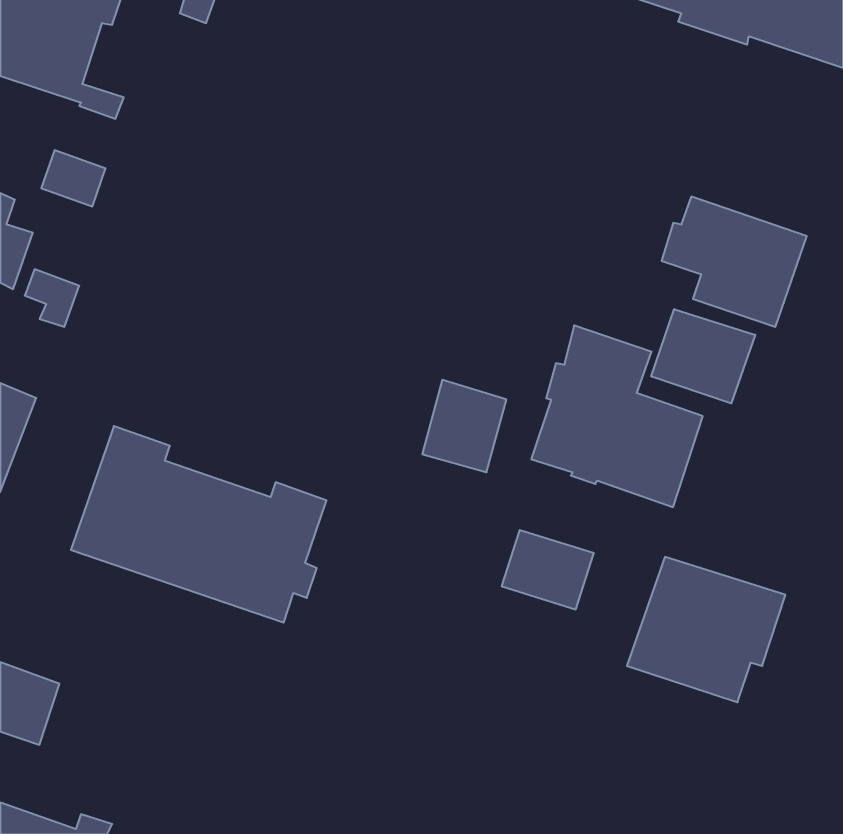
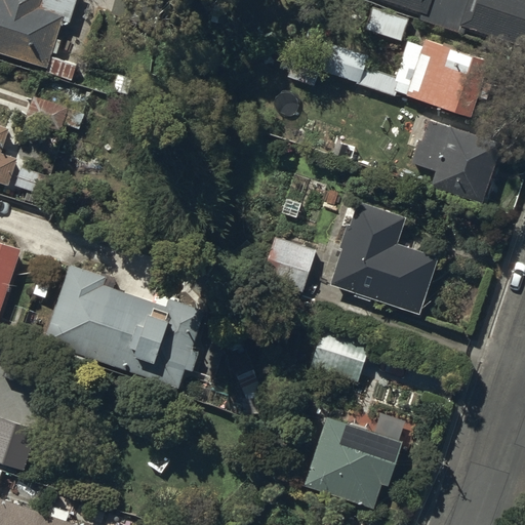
building: none -> [329,40,489,117]
building: [651,309,755,403] -> none
building: [627,557,785,702] -> [304,418,402,509]

